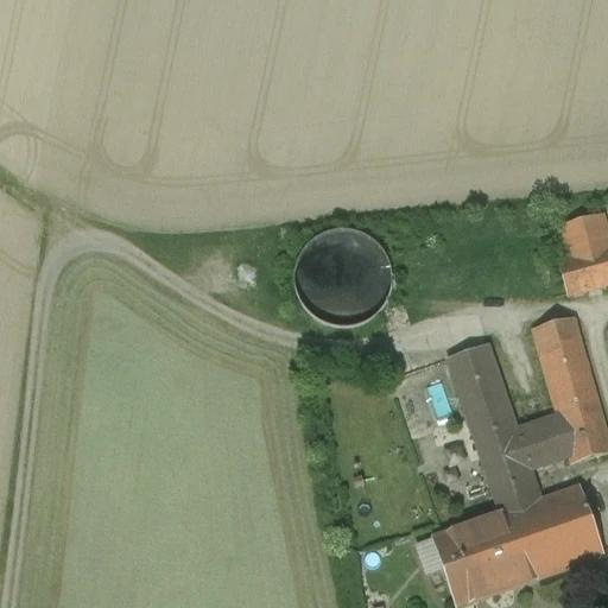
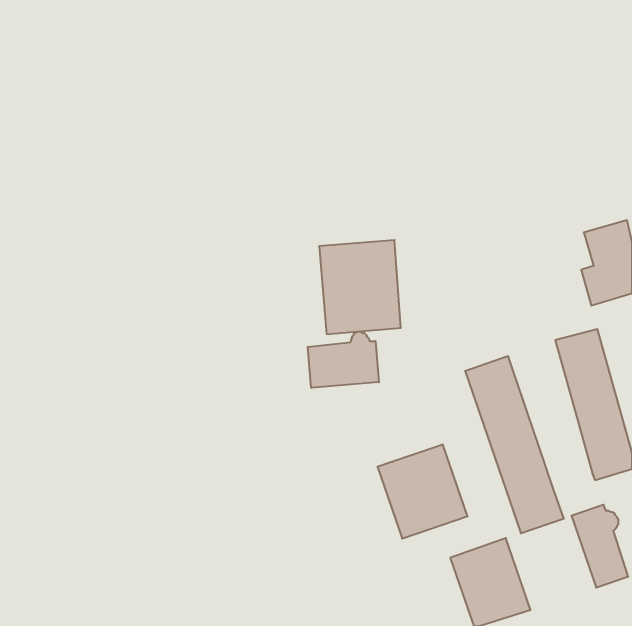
building: none -> [308,331,379,388]
building: [517,412,569,468] -> none
building: [486,495,572,585] -> [377,445,468,539]

